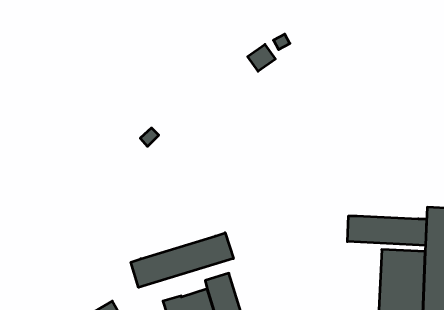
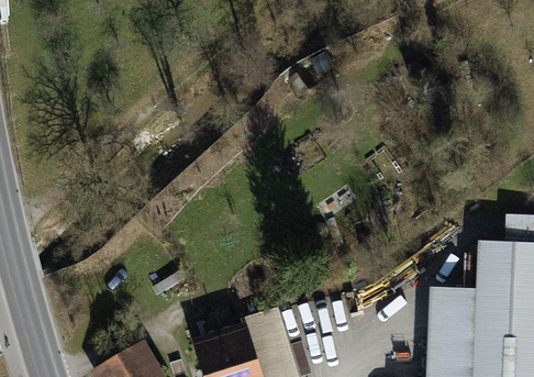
building: [347,216,426,245] -> none
building: [131,233,233,287] -> none

